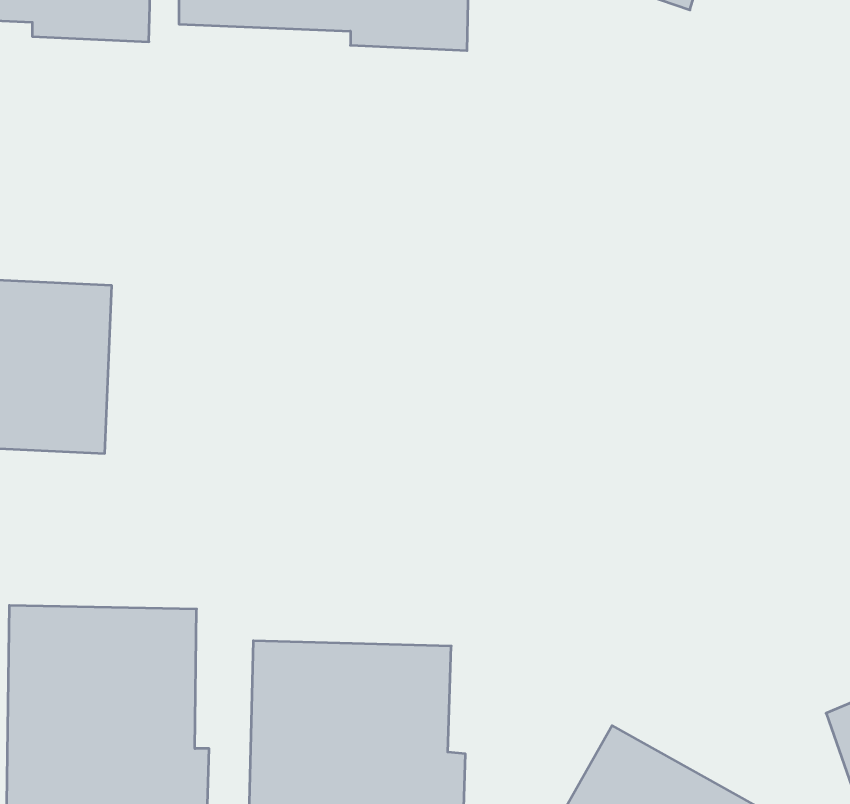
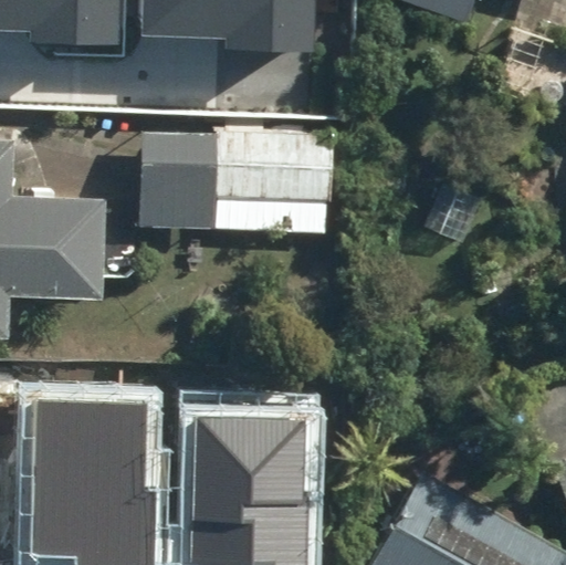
building: none -> [136,126,329,233]

